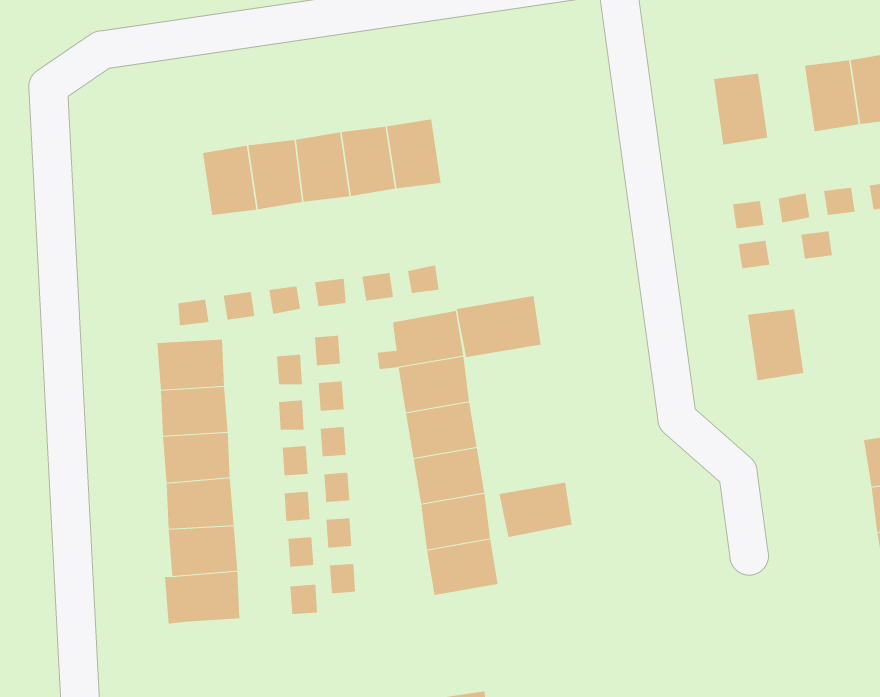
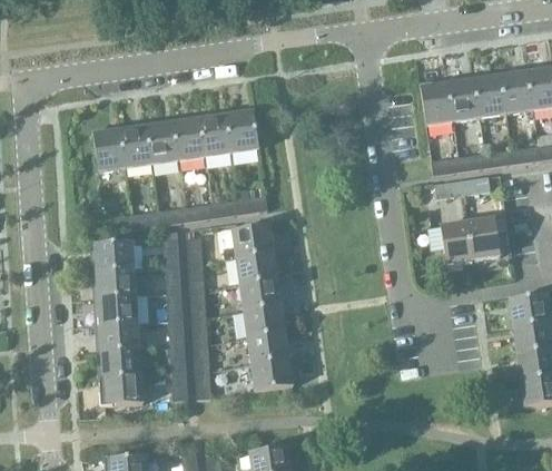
building: none -> [446,78,479,120]
building: none -> [93,127,126,169]
building: [456,295,541,358] -> none
building: none -> [467,217,500,258]
building: [499,482,572,538] -> none

